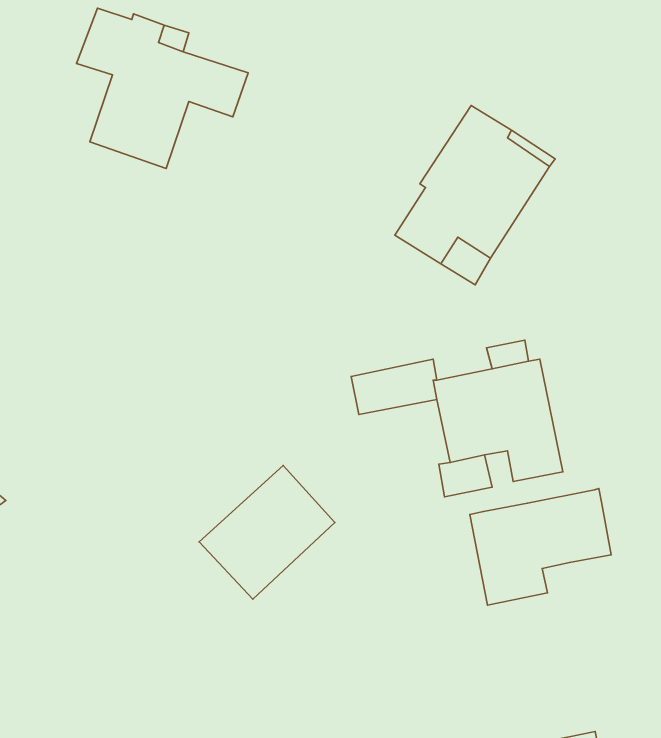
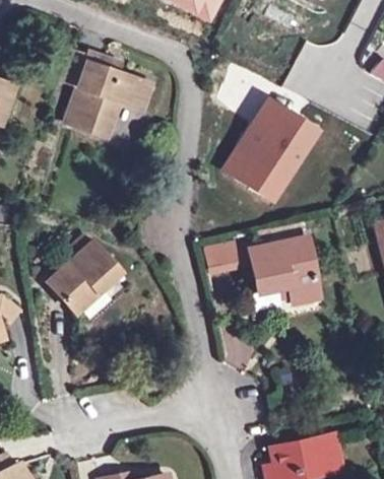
building: [199,465,335,599] -> [48,242,120,313]
building: [470,488,611,605] -> none

